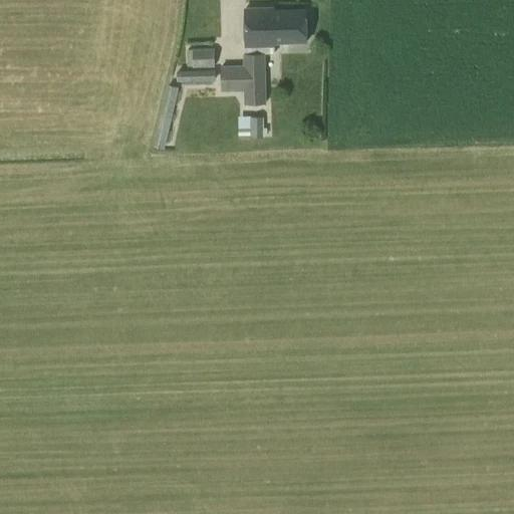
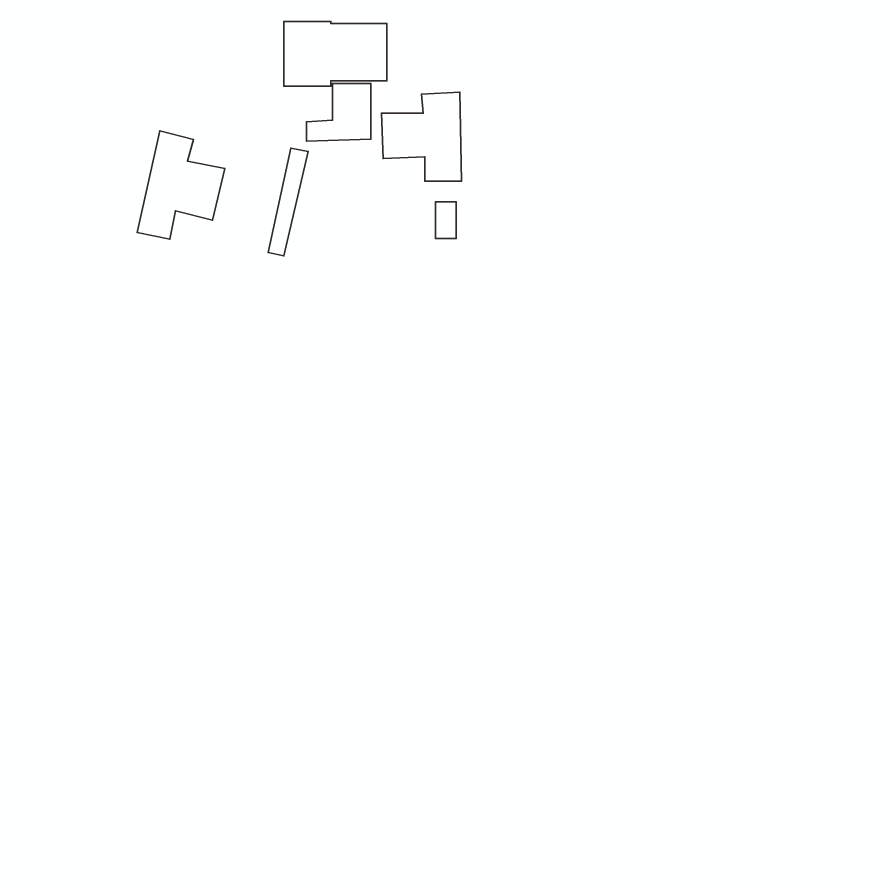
building: [246,8,305,45] -> [284,22,387,86]
building: none -> [137,131,225,239]

